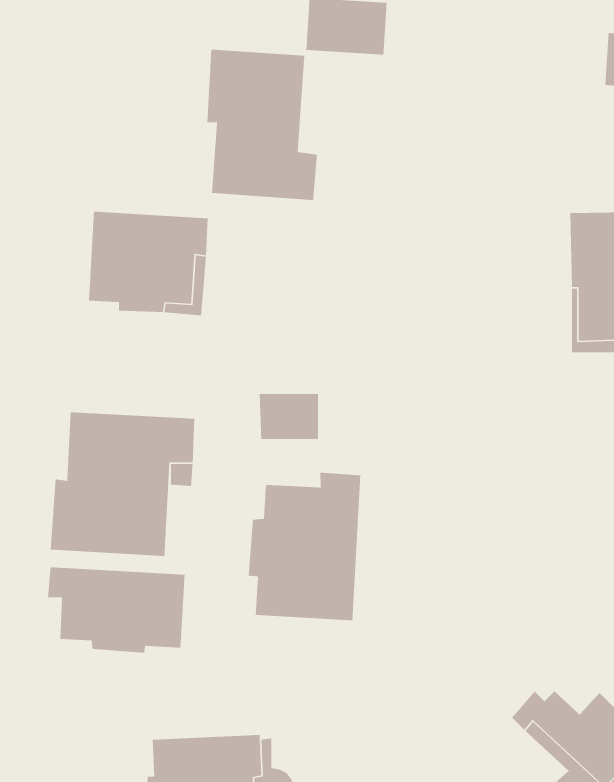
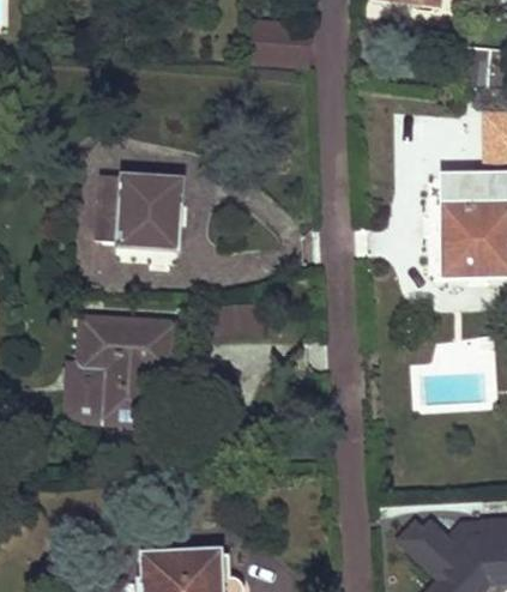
building: [206,49,318,201] -> none
building: [248,472,361,621] -> none
building: [47,567,186,653] -> none

